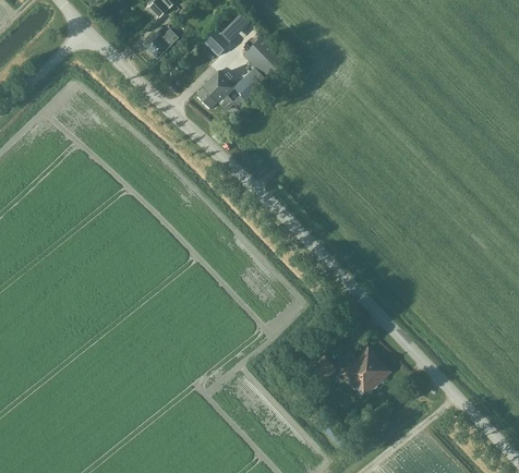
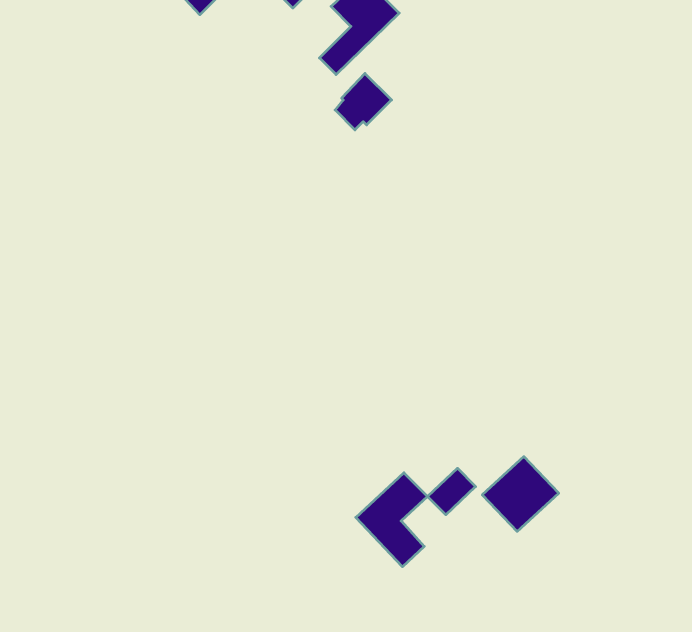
building: [197,71,234,108] -> [335,73,392,130]
building: none -> [356,473,427,567]

